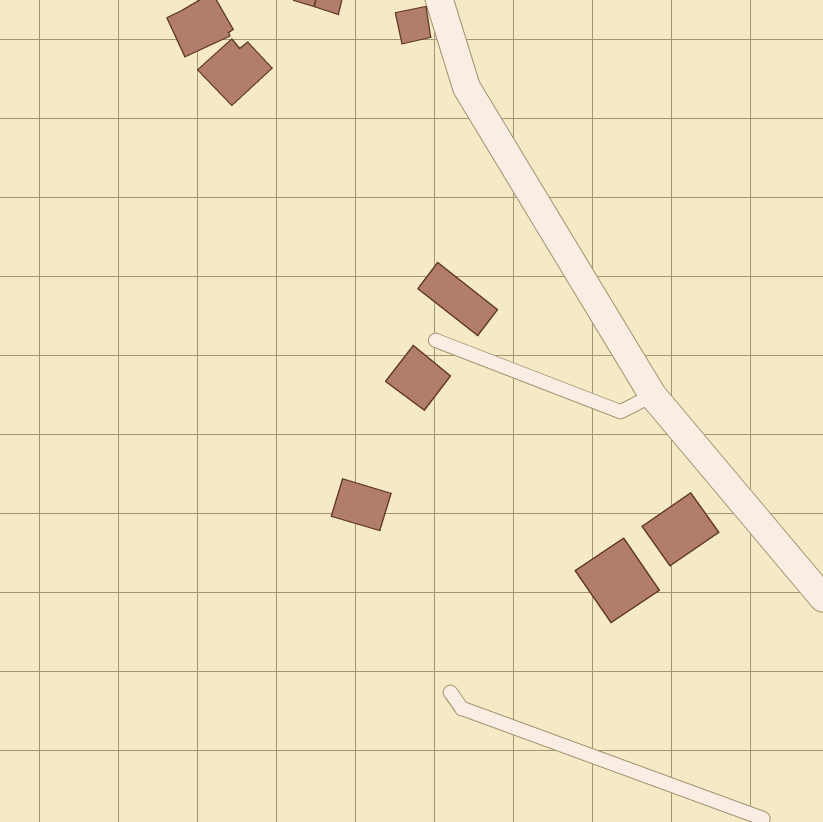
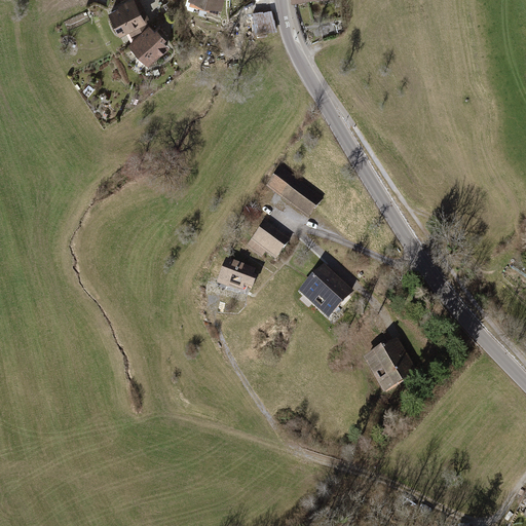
building: none -> [298,265,352,320]
building: [331,479,391,531] -> [216,262,254,295]
building: [642,493,719,566] -> none

